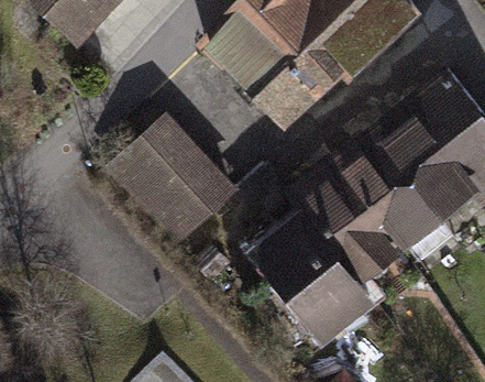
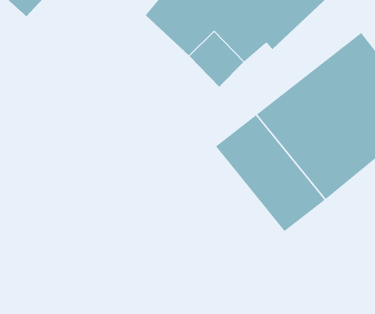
building: [104,112,239,248] -> none
building: [245,207,376,345] -> none

